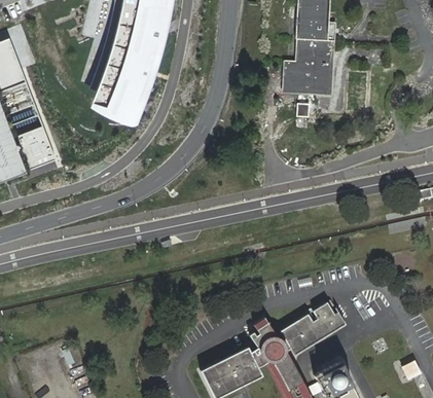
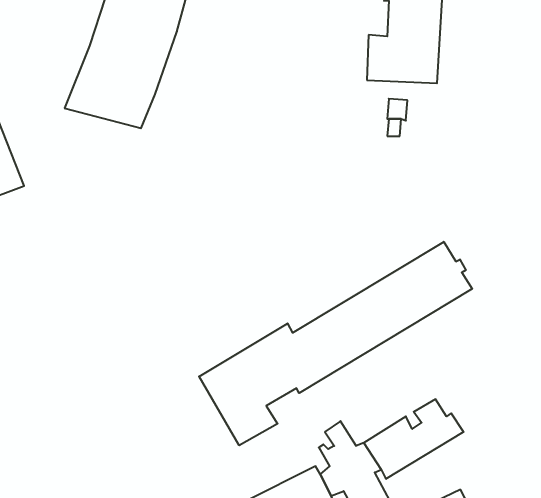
building: none -> [199,242,472,445]

